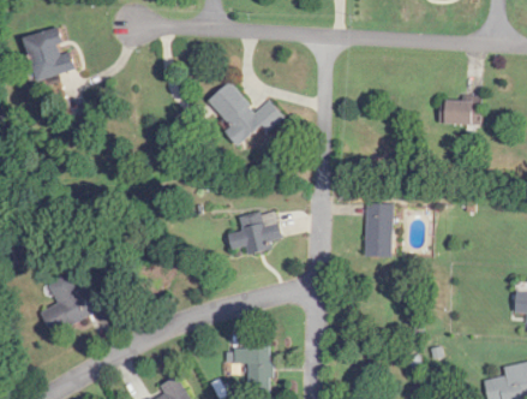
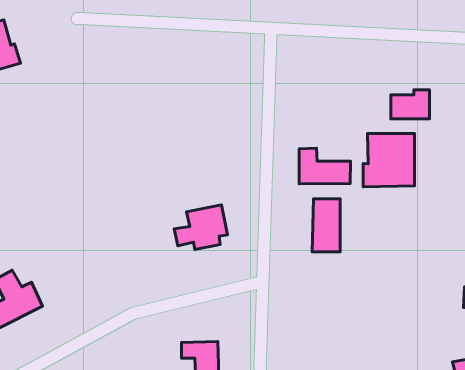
building: [206,82,283,143] -> none
building: none -> [363,133,414,187]
building: none -> [299,148,351,184]

